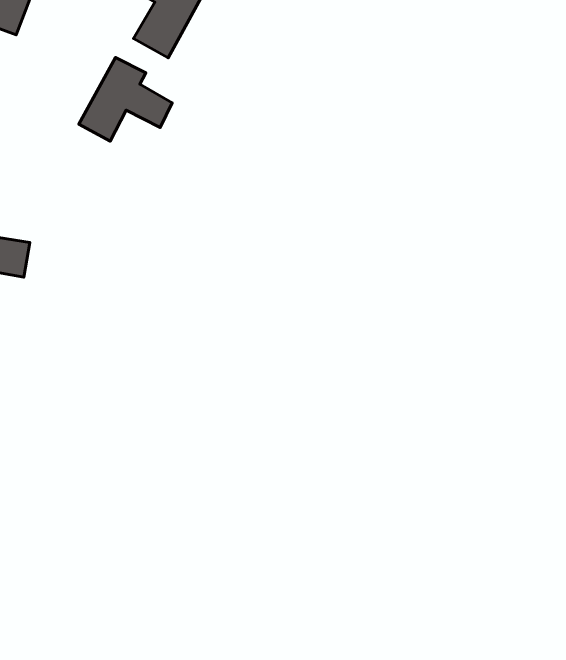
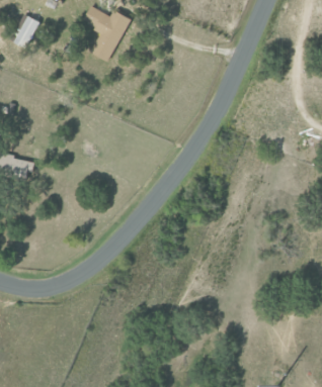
building: [79,57,172,141] -> none

